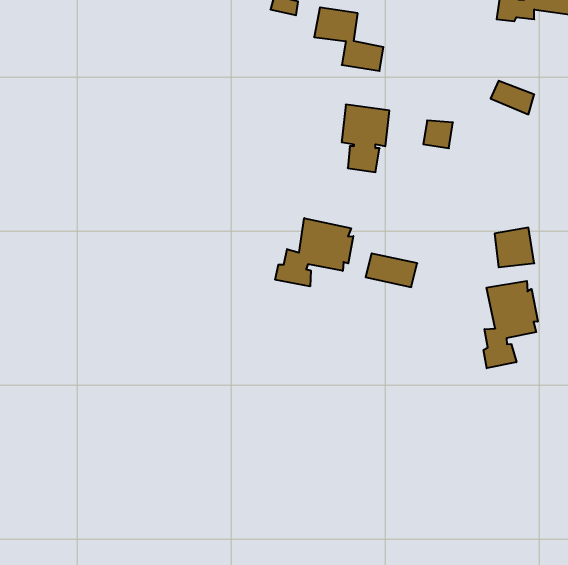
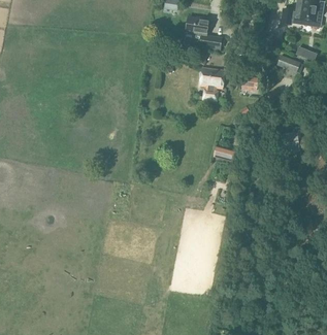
building: [275,218,353,286] -> none
building: [484,281,538,368] -> none

